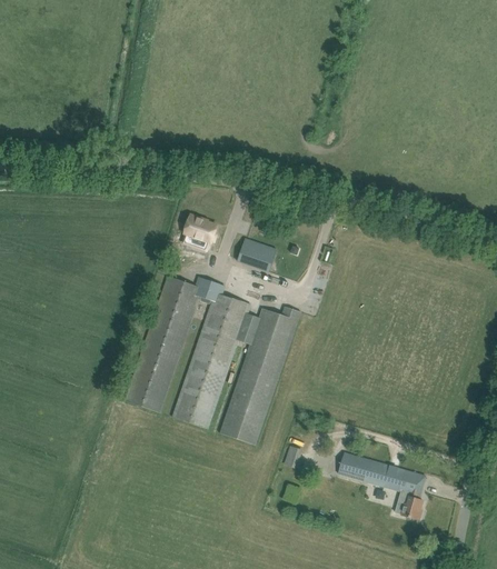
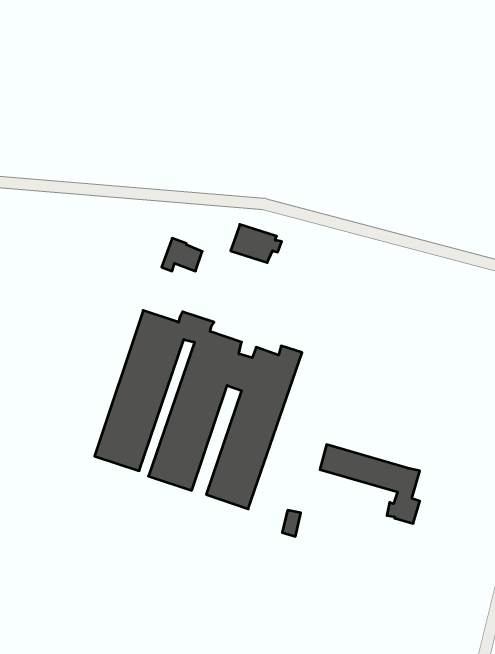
building: [237,239,280,271] -> [231,224,282,263]
building: [338,452,423,519] -> [320,445,420,523]

